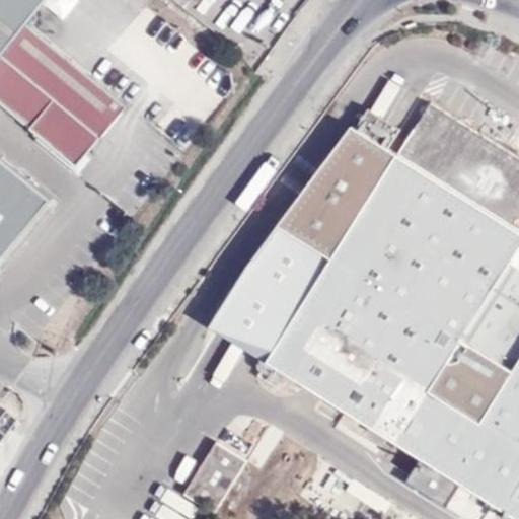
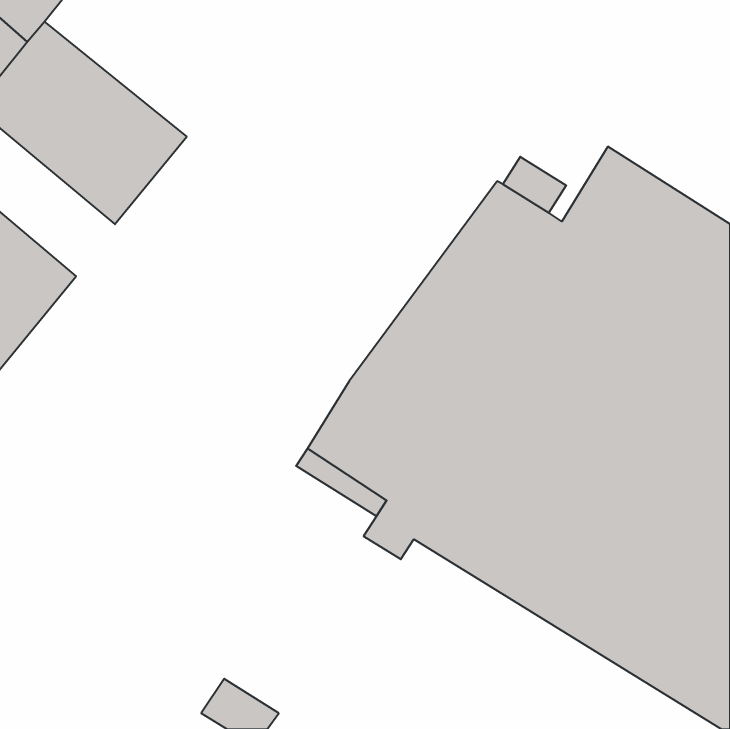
building: [183,438,247,510] -> none

